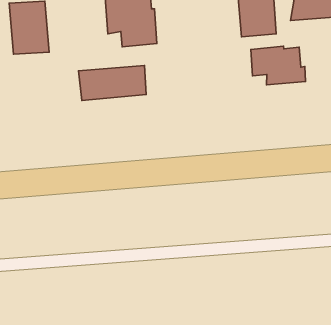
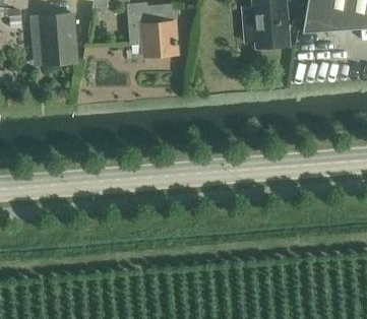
building: [251,46,305,85] -> none
building: [78,66,146,100] -> none

